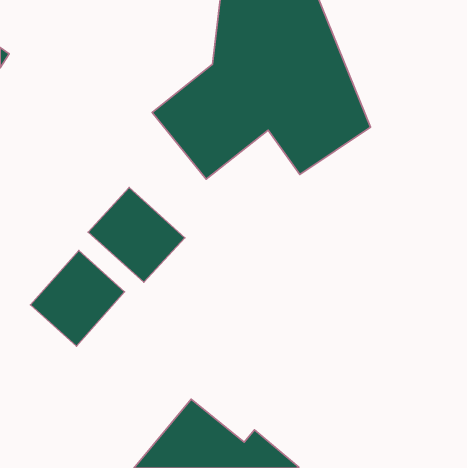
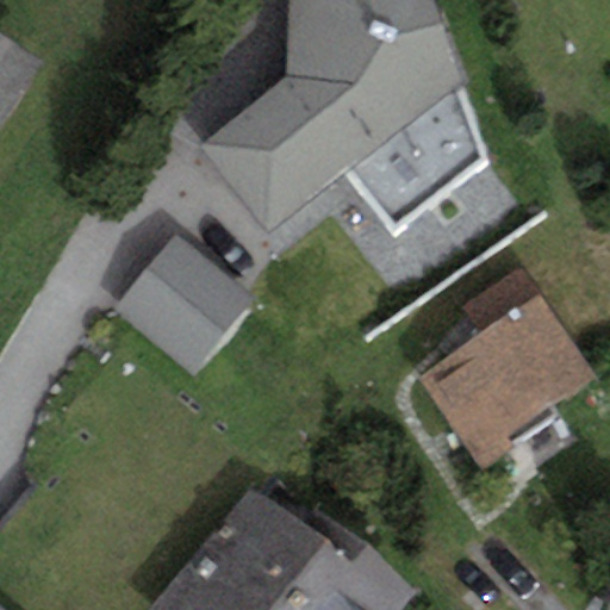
building: none -> [421,299,584,453]
building: [31,251,125,346] -> none

